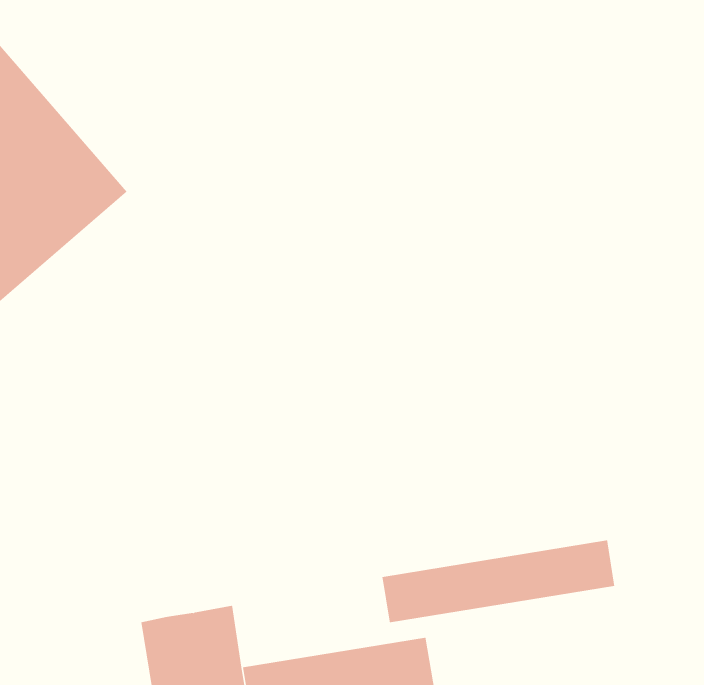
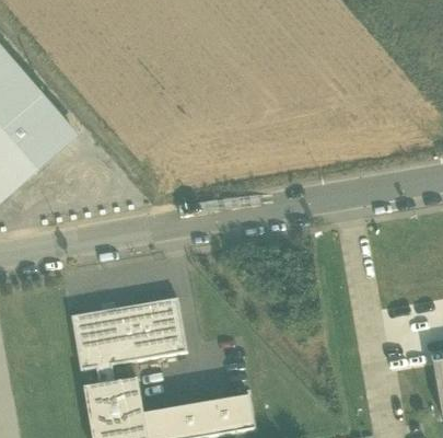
building: none -> [72,296,187,382]
building: [382,540,615,623] -> none

